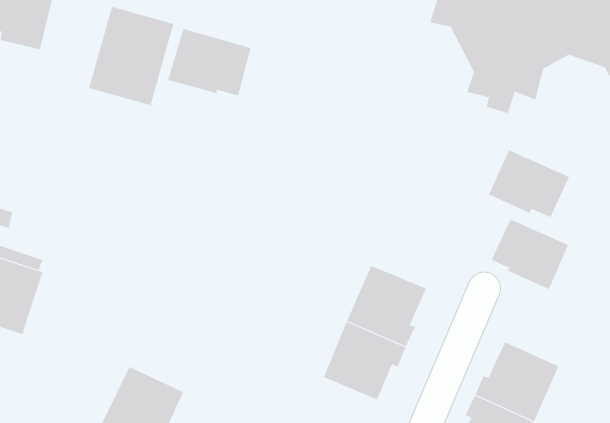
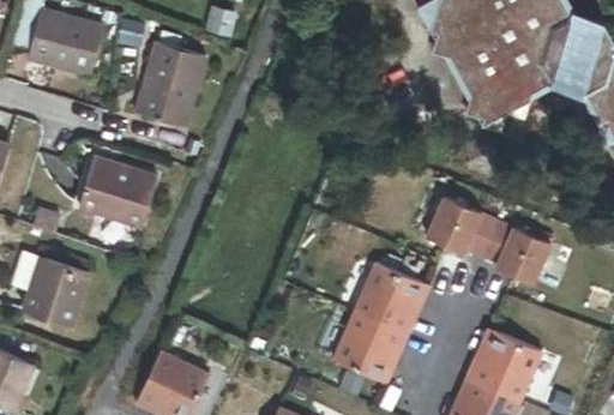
building: [168,28,251,96] -> none
building: none -> [74,152,156,228]
building: [488,150,570,218] -> [428,200,500,260]

